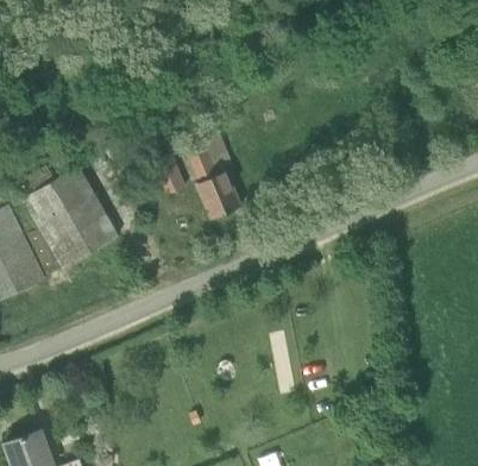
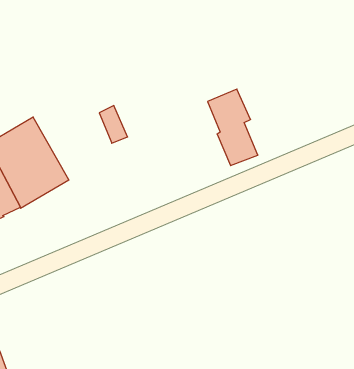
building: [185,132,243,219] -> [208,89,258,166]

